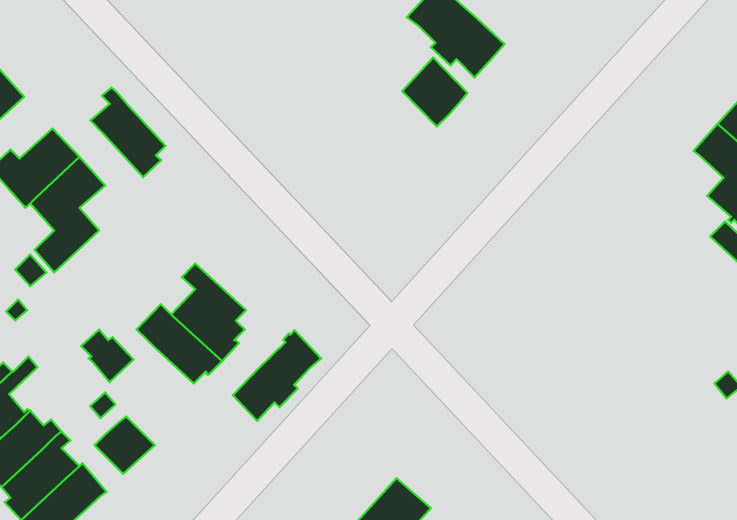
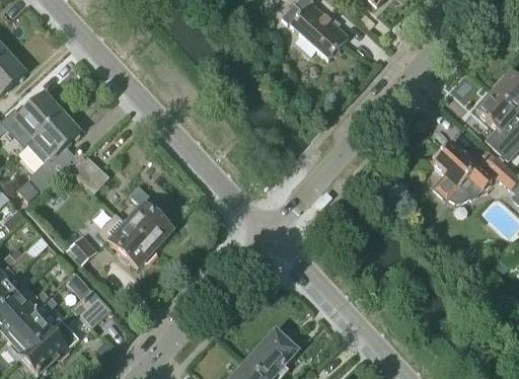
building: [402,58,467,126] -> none
building: [91,88,165,177] -> none
building: none -> [432,140,493,201]
building: none -> [70,153,109,193]
building: [233,330,321,421] -> none

